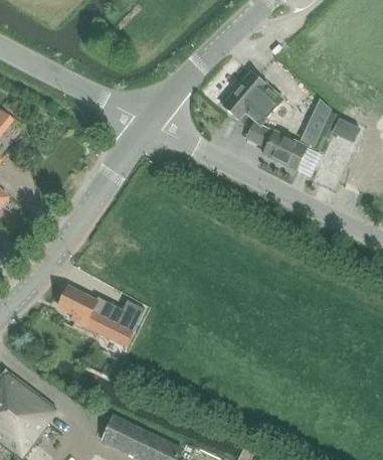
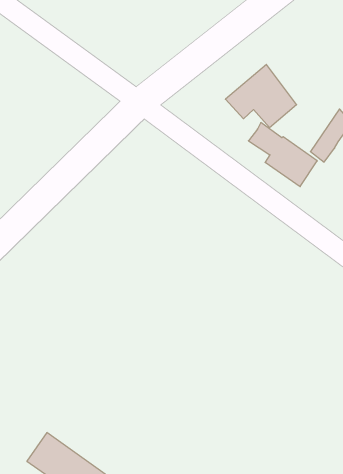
building: [60,288,147,347] -> none

